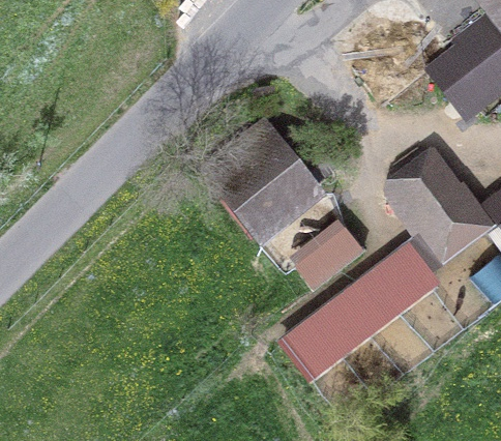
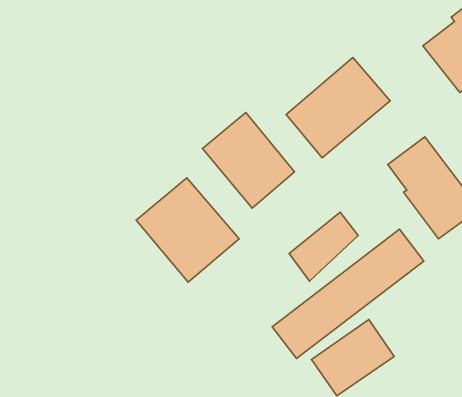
building: none -> [286,57,390,158]
building: none -> [136,178,239,282]

